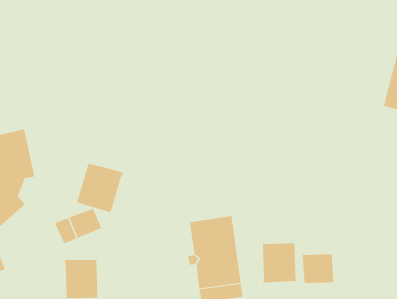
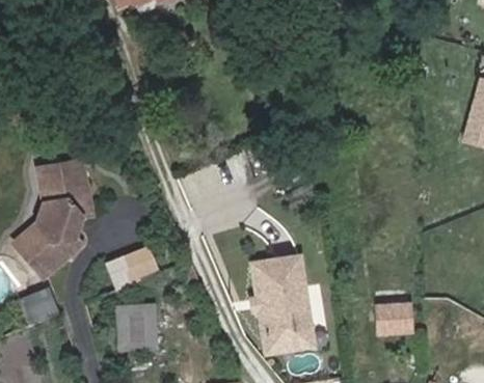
building: [76,163,124,213] -> none
building: [263,242,296,283] -> none

